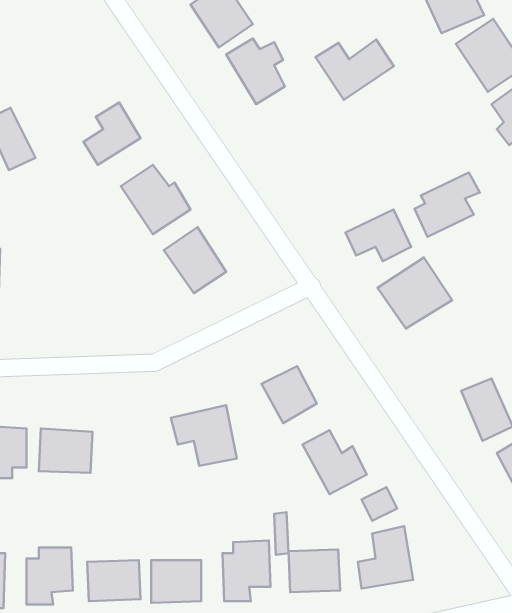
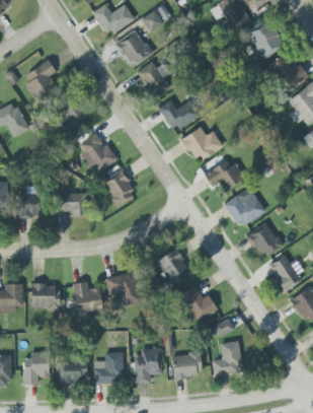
building: none -> [22,60,57,99]
building: [315,39,394,100] -> [158,97,203,132]
building: none -> [182,127,223,161]
building: [415,172,480,237] -> none
building: none -> [52,193,88,217]
building: none -> [19,194,41,218]
building: none -> [247,222,283,260]
building: none -> [74,281,102,315]

